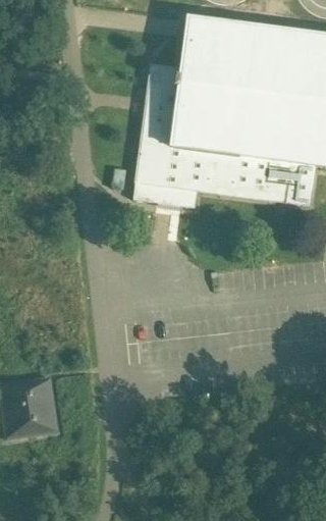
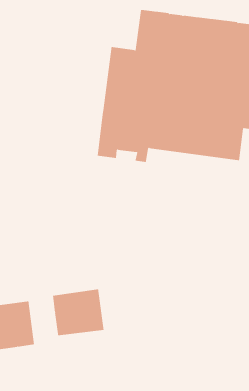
building: none -> [52,289,104,336]

